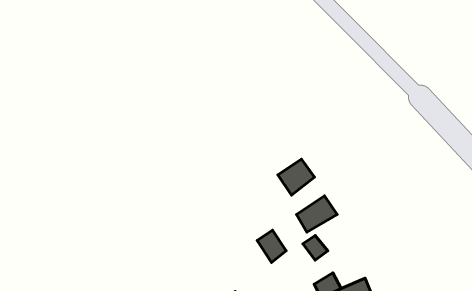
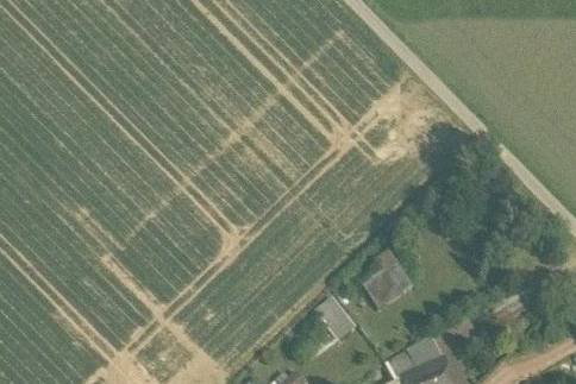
building: [278,159,314,195] -> none

